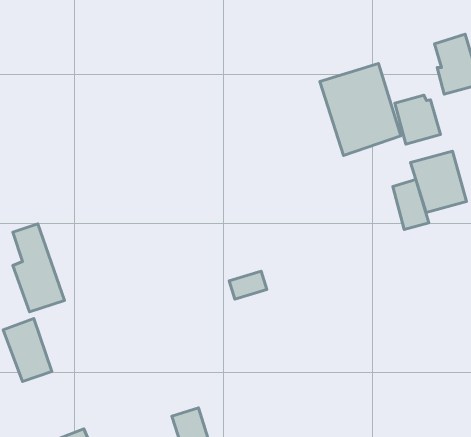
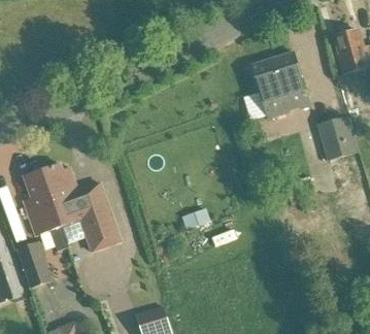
building: [395,95,440,144] -> none
building: [393,179,429,230] -> none
building: none -> [41,164,120,250]

